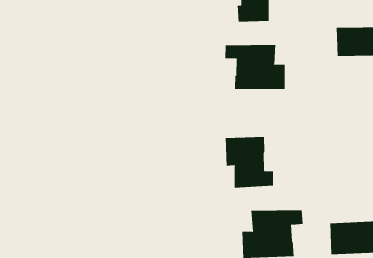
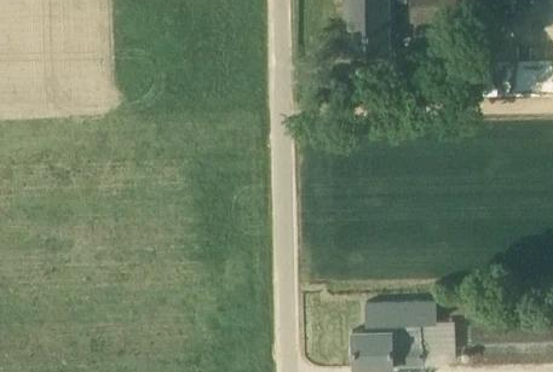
building: [225,44,285,90] -> none
building: [225,136,274,188] -> none

